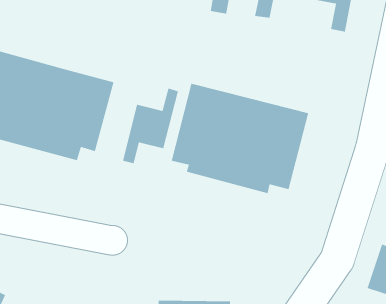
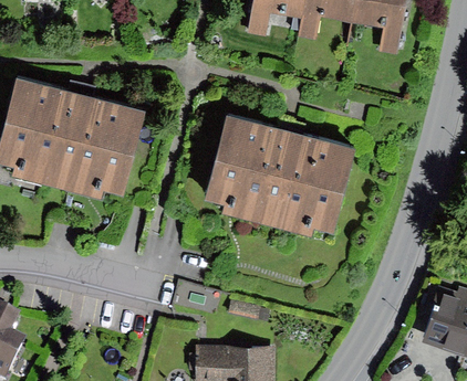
building: [122,88,179,164] -> none

